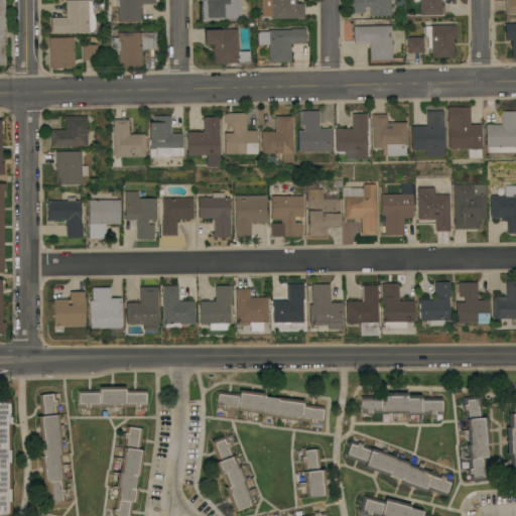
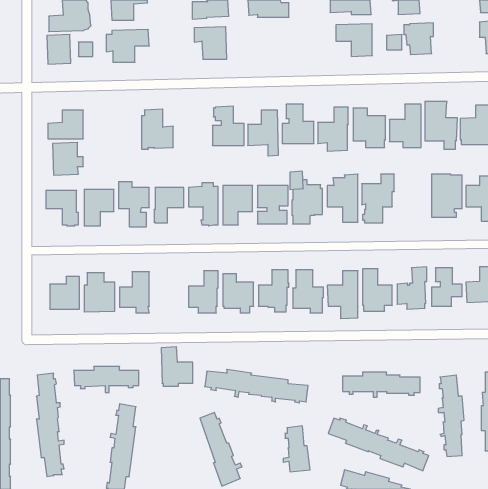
building: [259,28,308,61] -> none
building: [187,116,221,166] -> none
building: [114,119,146,155] -> none
building: [419,187,450,231] -> none
building: [162,285,196,327] -> [161,347,193,386]

